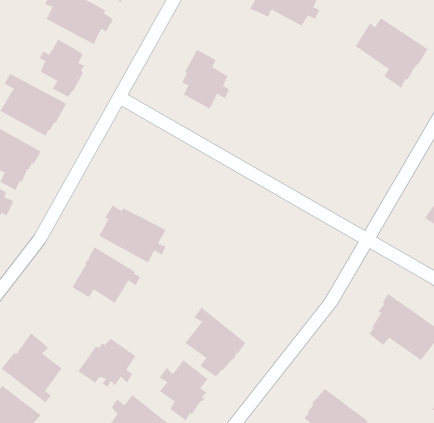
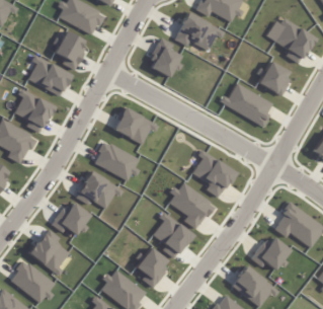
building: none -> [174,11,224,50]
building: none -> [255,61,288,96]
building: none -> [219,83,271,127]
building: none -> [112,106,158,145]
building: none -> [190,149,235,197]
building: none -> [168,182,214,229]
building: [78,338,136,388] -> [50,203,89,236]
building: none -> [251,236,290,269]

